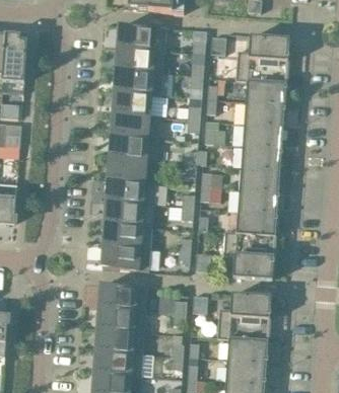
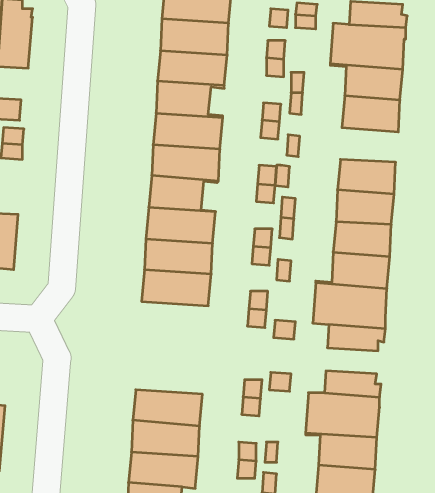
building: [242,124,282,148] -> none
building: [101,245,149,271] -> none
building: [98,284,147,310] -> none

